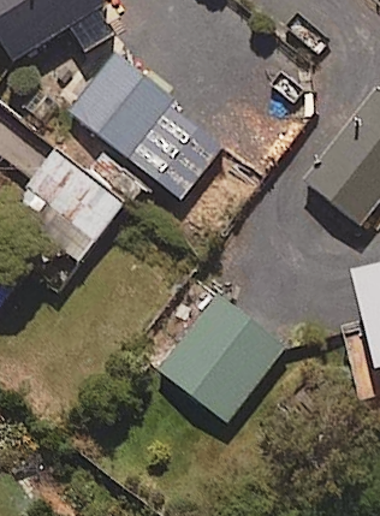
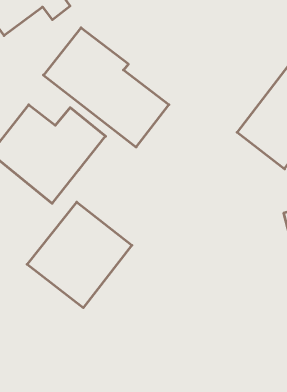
building: [156,292,284,421] -> [27,202,132,308]

